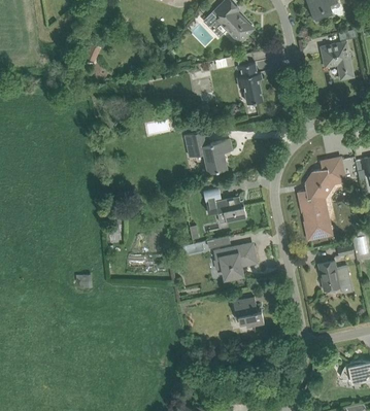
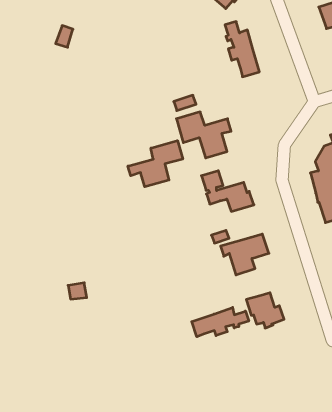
building: none -> [128,141,183,187]
building: none -> [192,307,249,337]

